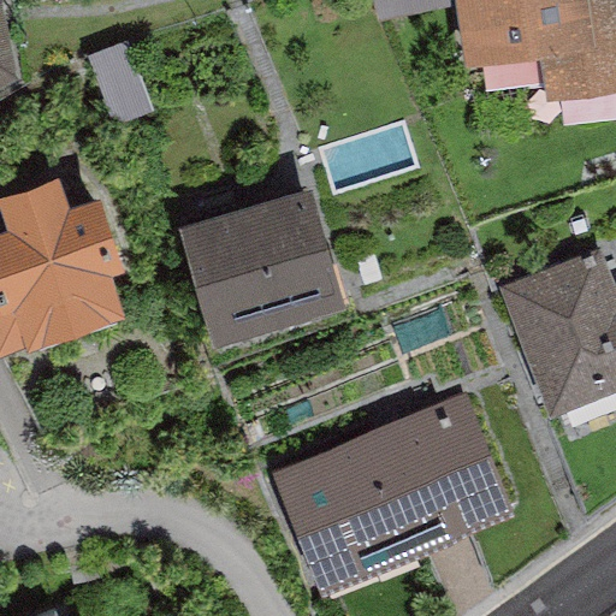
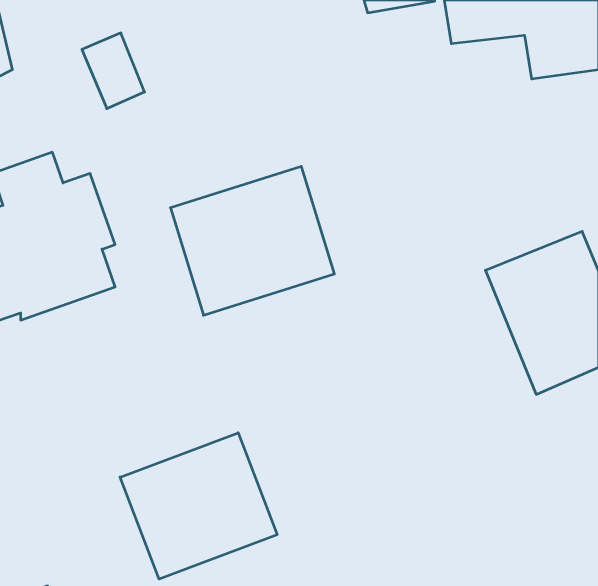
building: [274,402,511,596] -> none
building: none -> [120,433,277,579]

